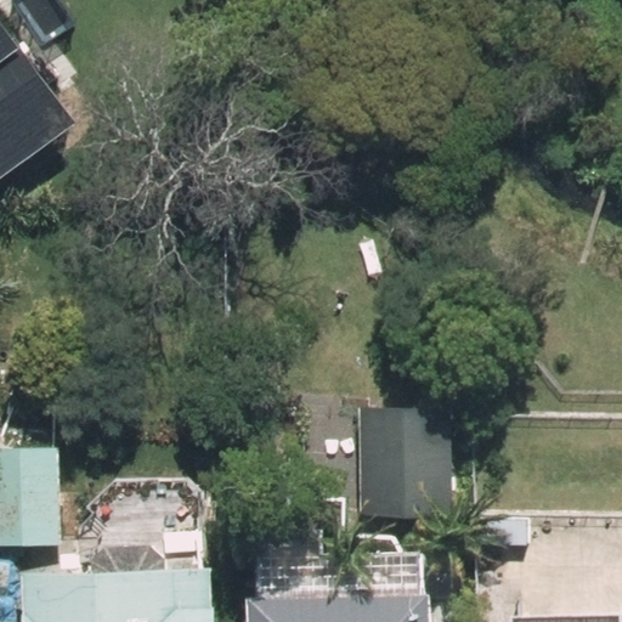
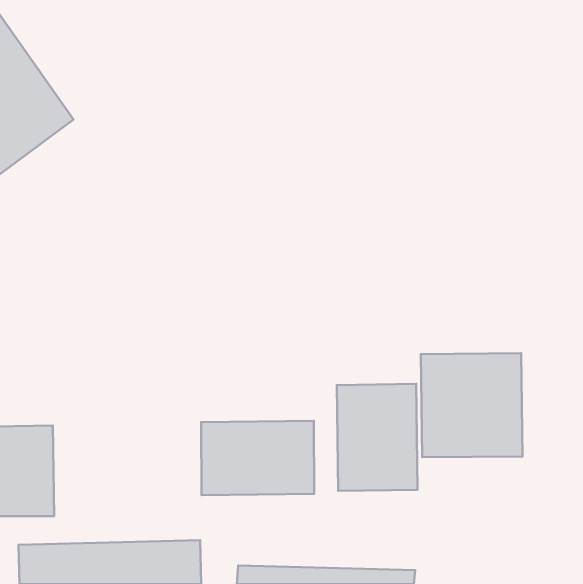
building: none -> [421,353,522,457]
building: none -> [201,421,314,495]

